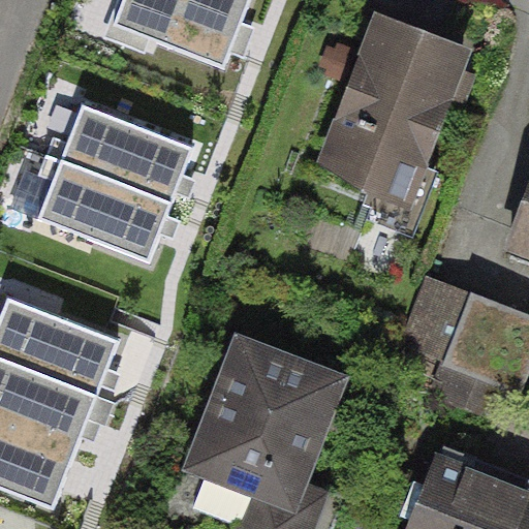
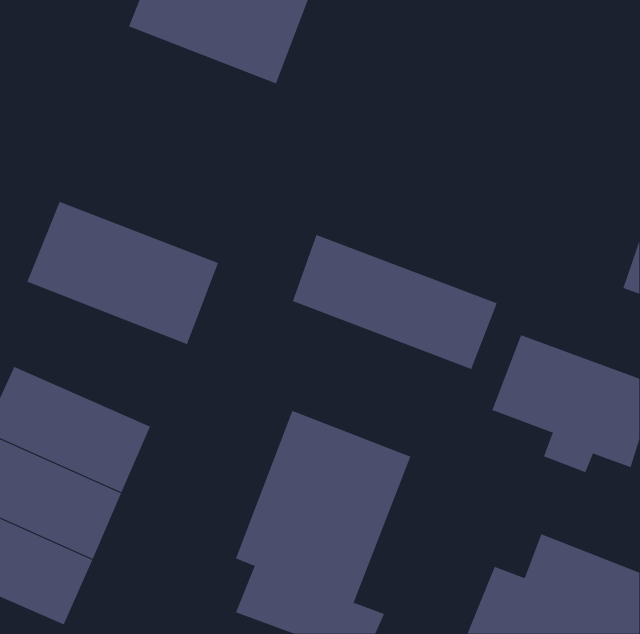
building: [315,18,471,203] -> none
building: [49,98,206,216] -> none
building: none -> [292,234,497,370]

